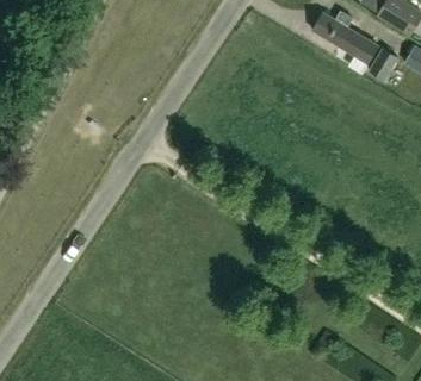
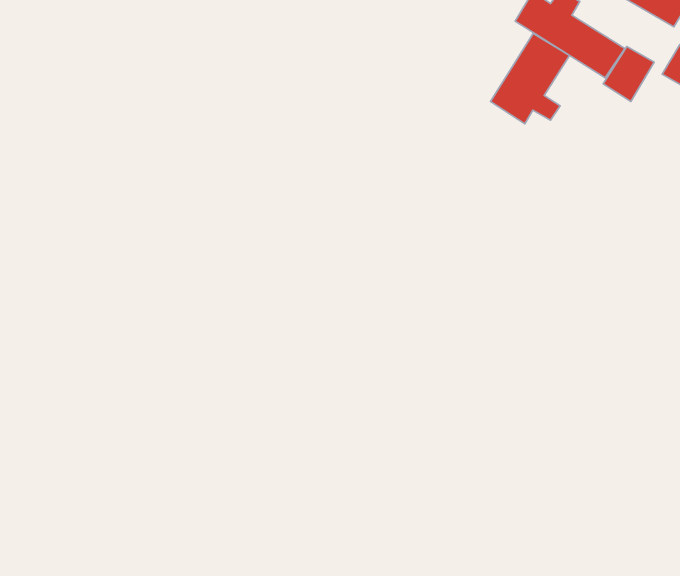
building: none -> [490,33,570,124]

